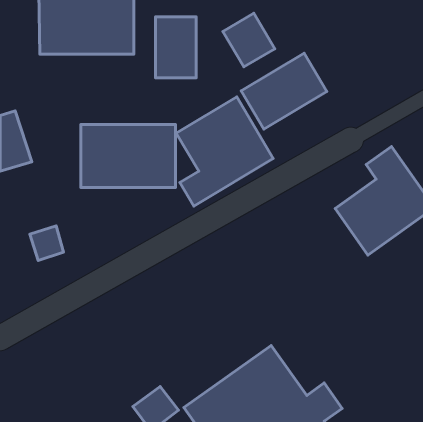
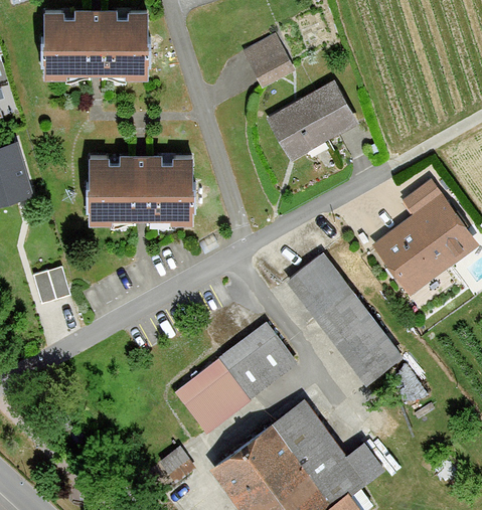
building: [156,17,196,78] -> none
building: [176,97,273,206] -> none
building: none -> [286,253,405,388]
building: none -> [170,318,301,432]

